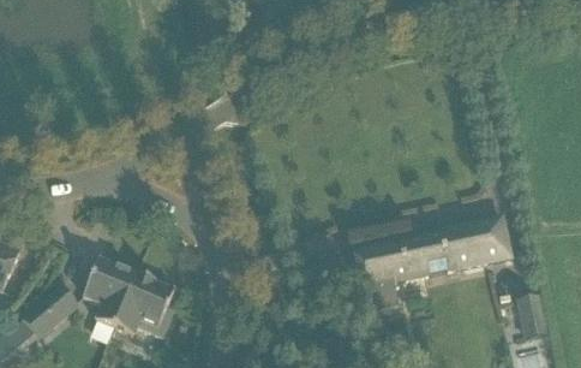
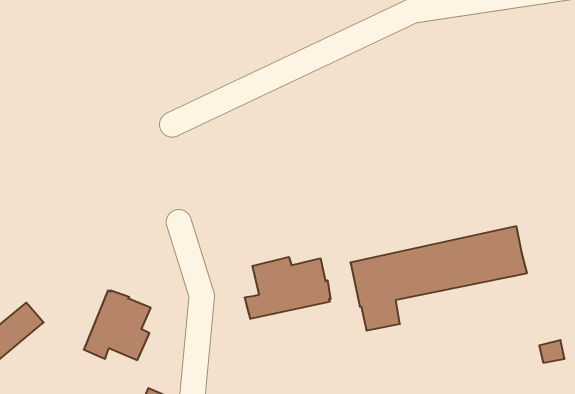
building: none -> [245,257,331,319]
building: [84,257,137,326] -> none

